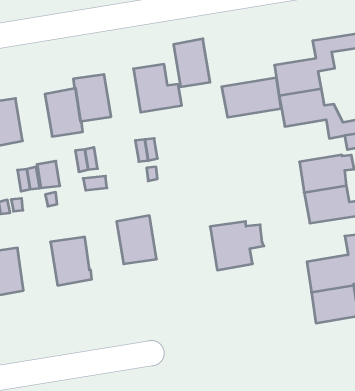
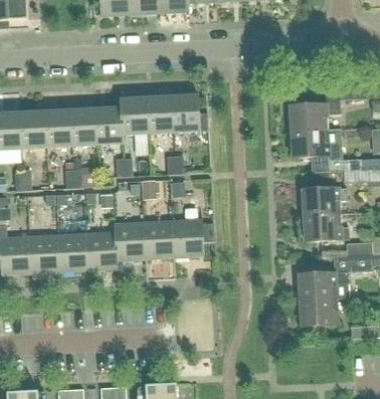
building: [174,39,210,87] -> [147,95,174,134]
building: [222,78,281,117] -> none
building: none -> [70,109,98,146]
building: [210,221,264,270] -> [172,219,215,257]
building: none -> [115,222,146,260]
building: none -> [58,233,88,271]

